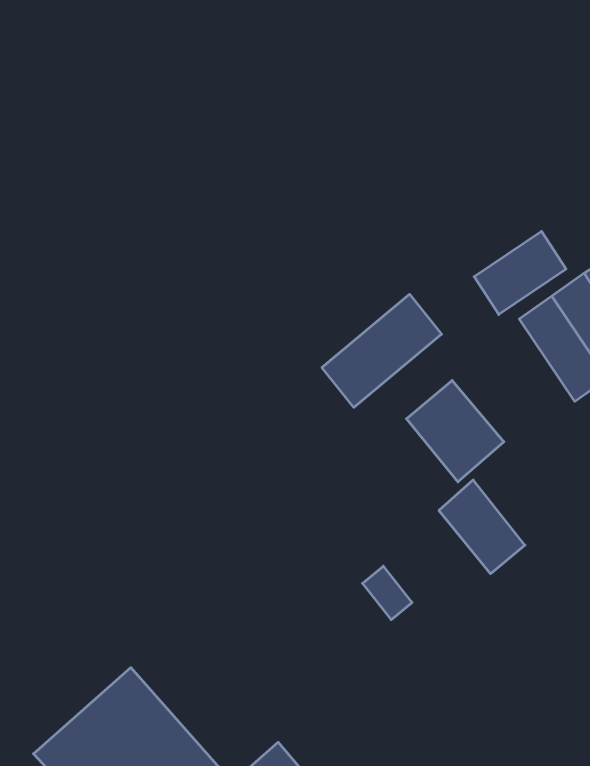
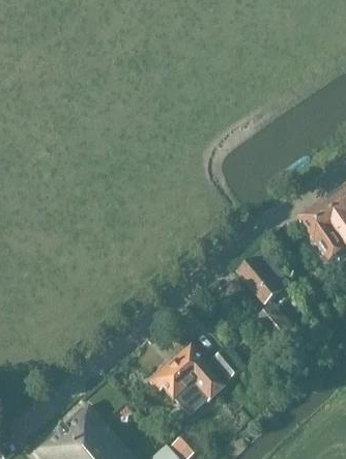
building: [474,231,566,315] -> none
building: [322,294,442,407] -> none
building: none -> [151,344,225,414]

